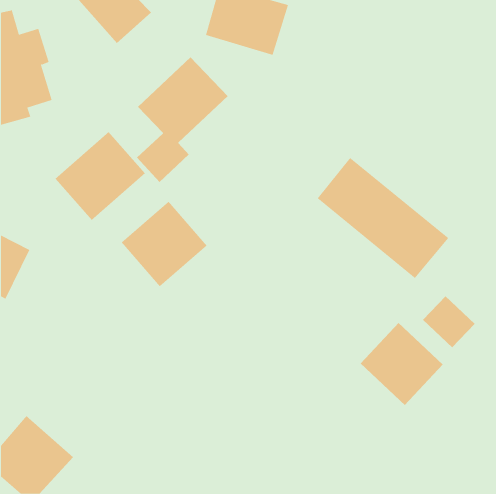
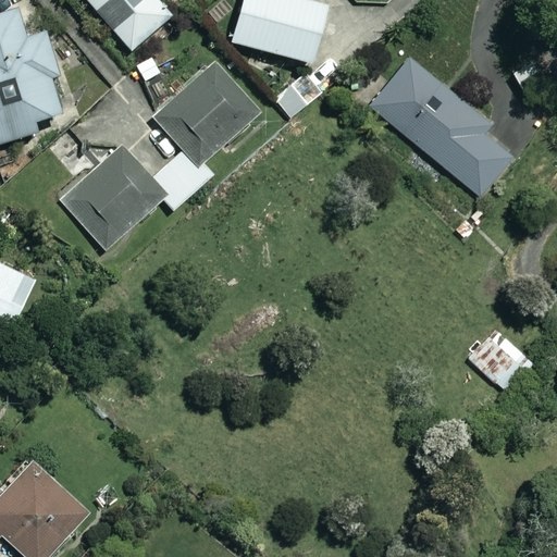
building: [317,157,449,279] -> [371,59,519,195]
building: [121,201,208,287] -> none
building: [360,322,443,406] -> none

